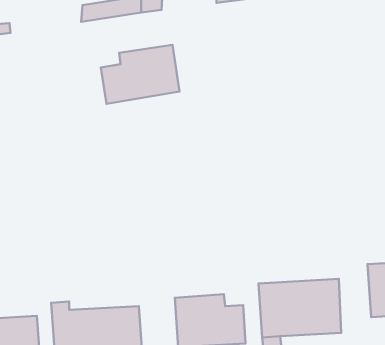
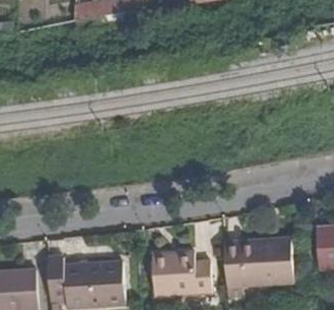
building: [101,45,180,104] -> none

